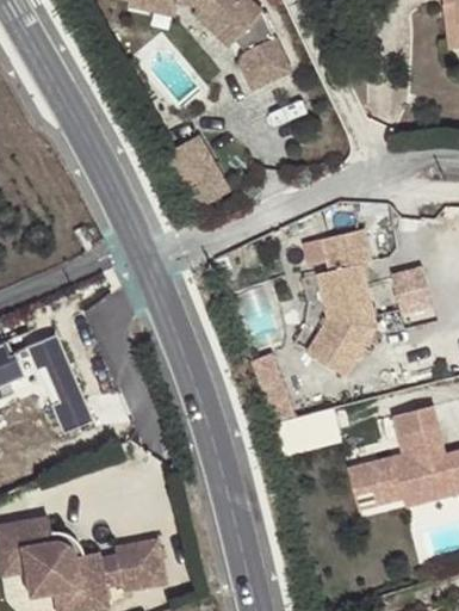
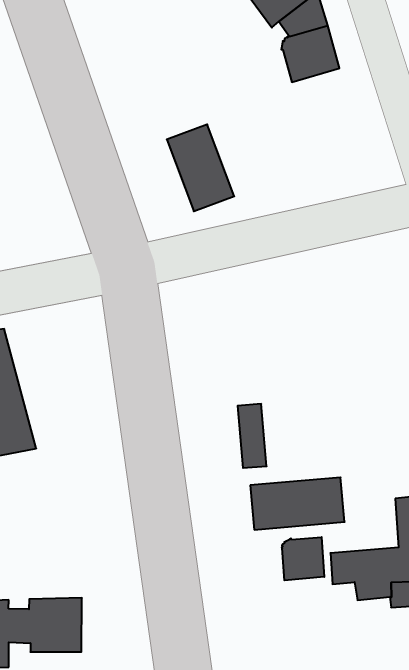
building: [303,226,372,372] -> none
building: none -> [282,537,324,580]

